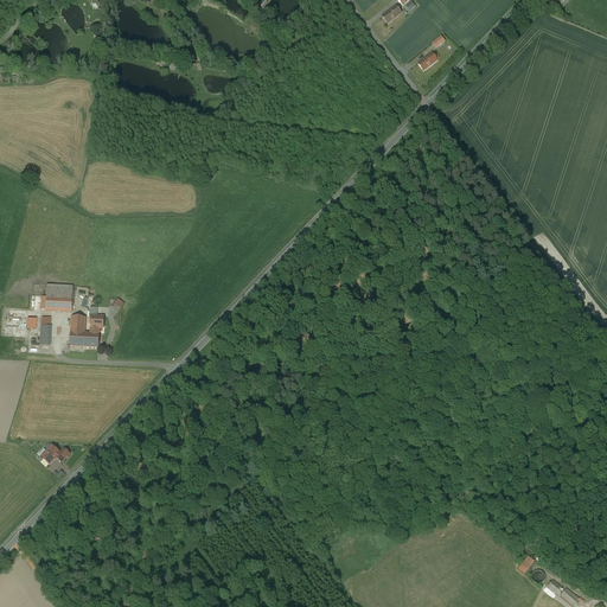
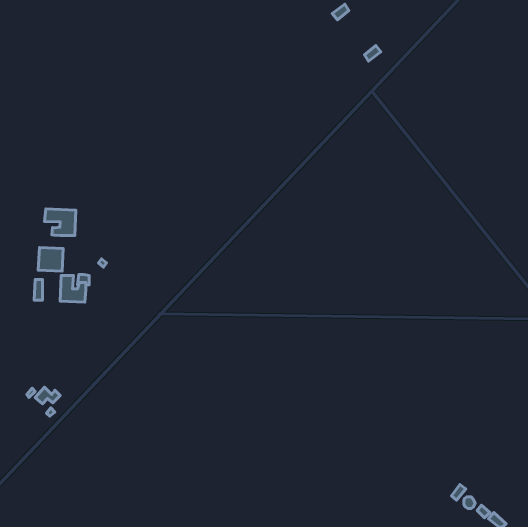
building: none -> [45,209,76,236]

